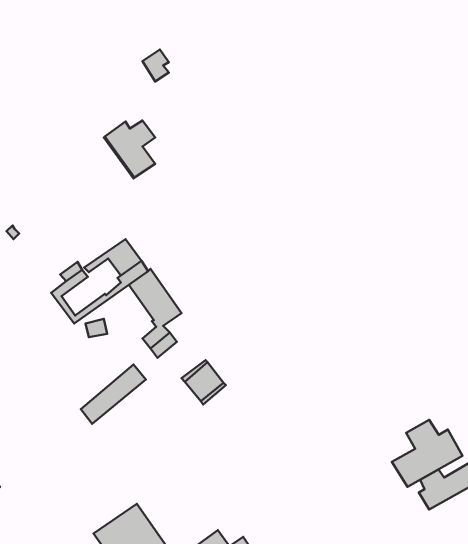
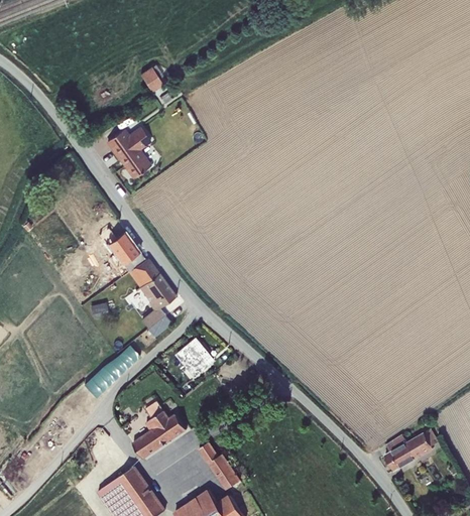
building: [392,420,463,487] -> none
building: none -> [131,401,186,459]
building: none -> [198,441,240,490]

